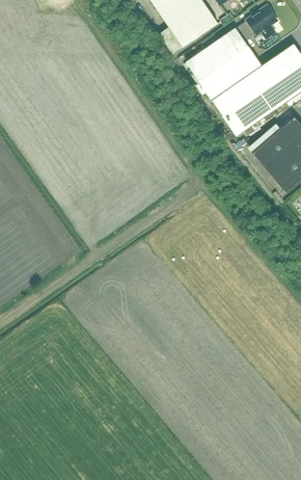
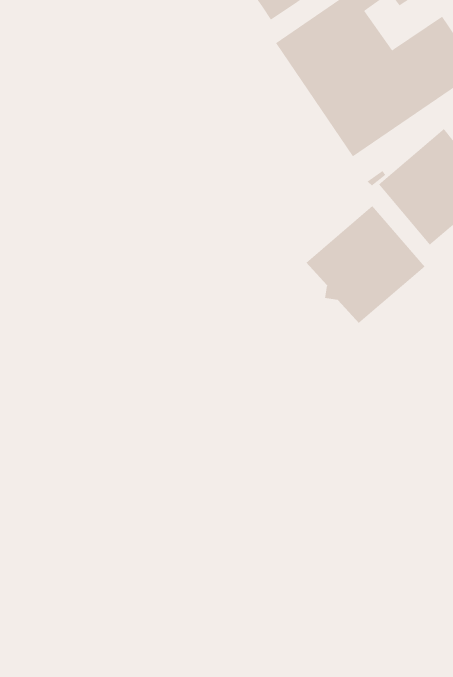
building: none -> [305,205,426,324]

